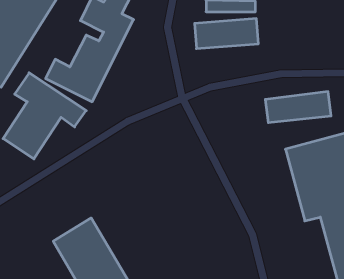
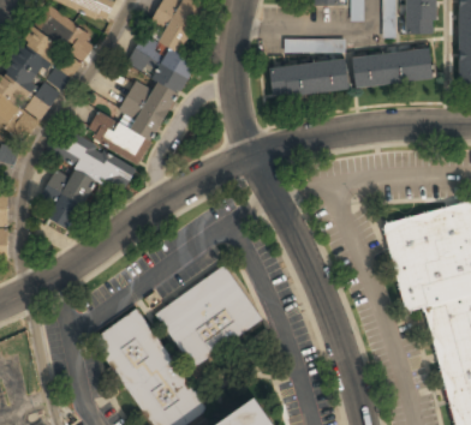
building: [265,92,331,123] -> [352,48,434,86]
building: none -> [155,265,262,369]

